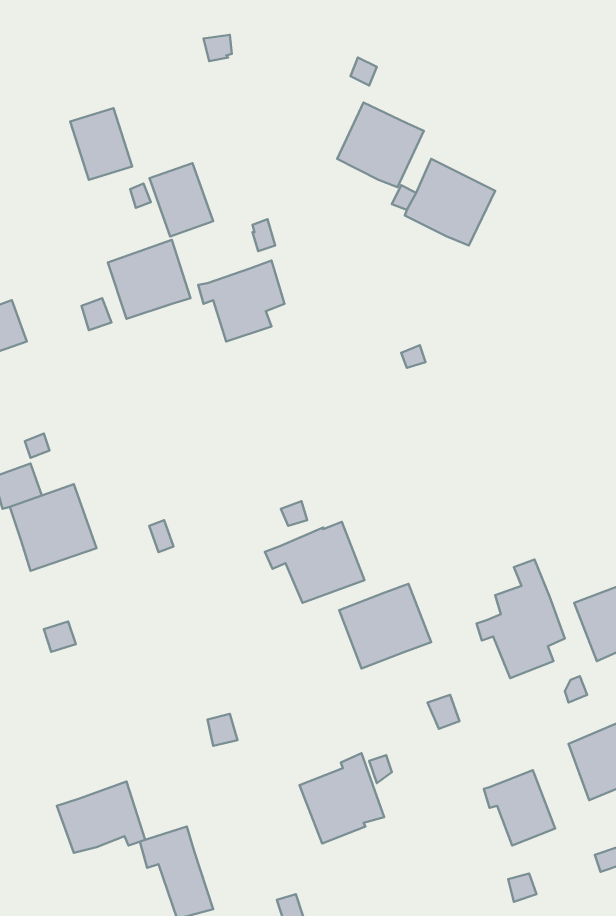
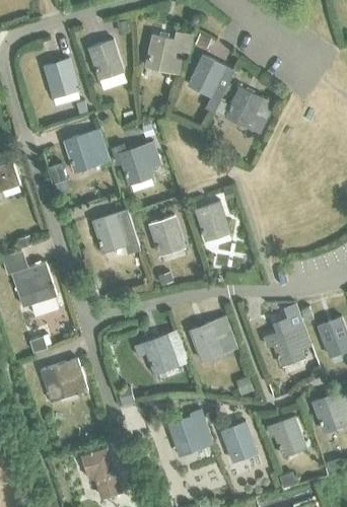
building: none -> [144,33,192,74]
building: [149,163,213,236] -> [88,41,123,80]
building: none -> [195,203,228,241]
building: none -> [92,211,139,254]
building: none -> [149,217,184,257]
building: [265,522,365,603] -> [134,331,188,374]
building: none -> [220,422,257,462]
building: [57,781,145,853] -> [40,359,87,397]

